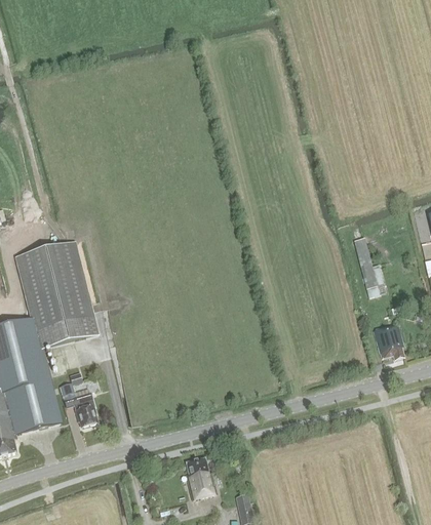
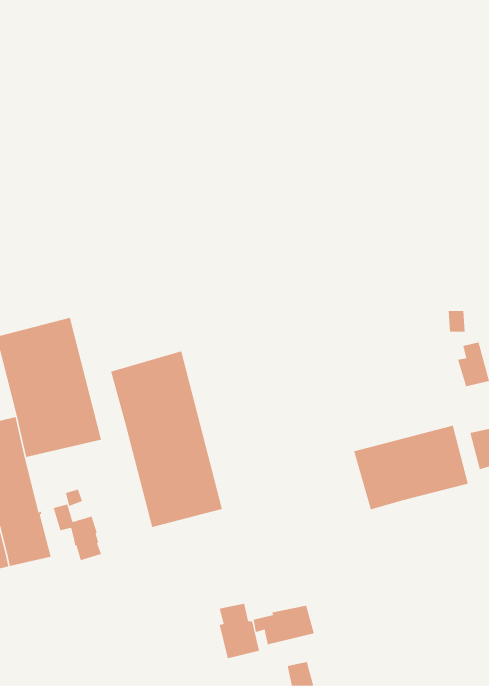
building: none -> [111,351,223,528]
building: none -> [354,425,469,510]
building: none -> [253,605,315,645]

